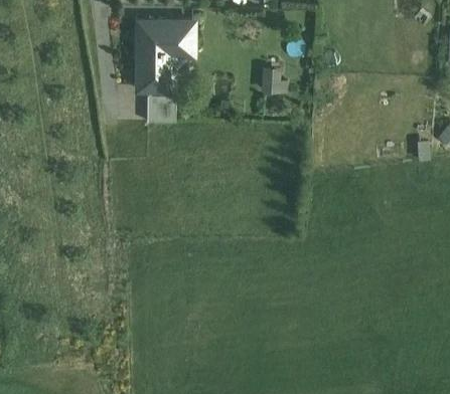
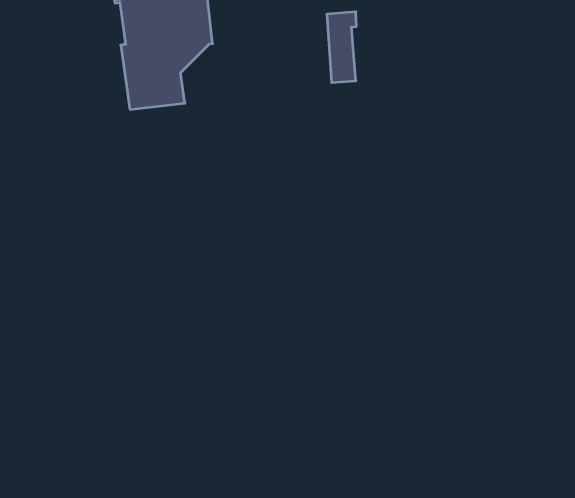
building: [146,96,174,124] -> none

